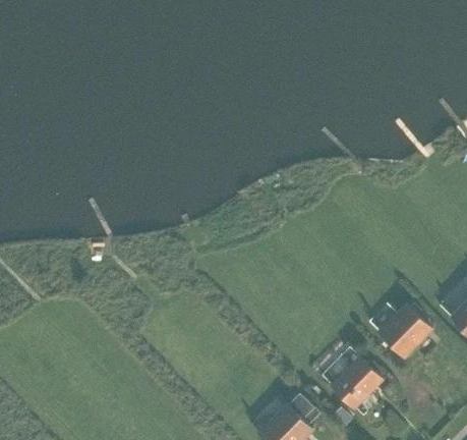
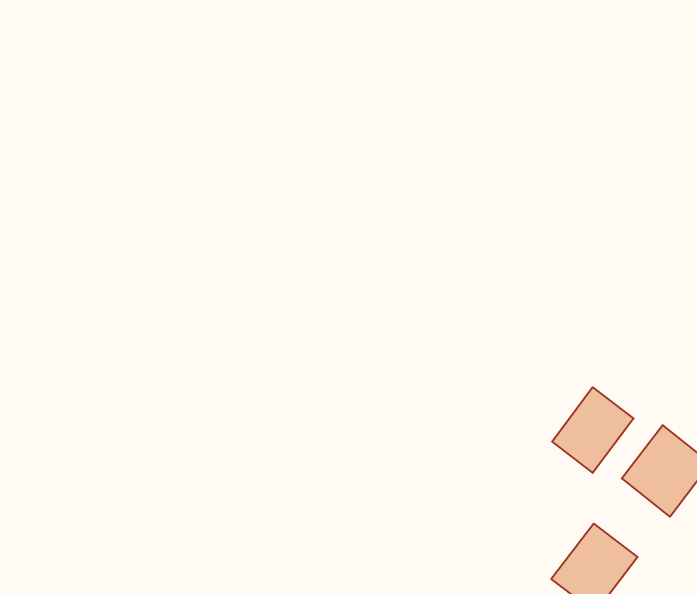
building: none -> [552,387,634,473]

